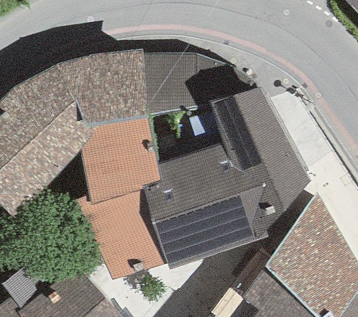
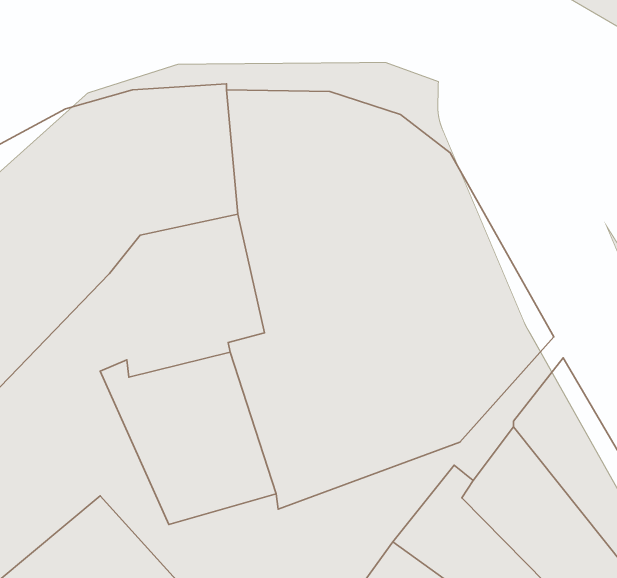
building: [80,119,161,204] -> none

